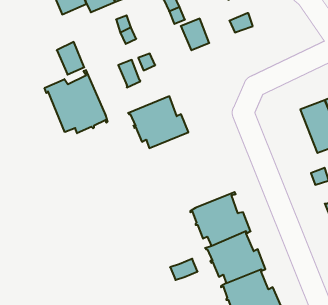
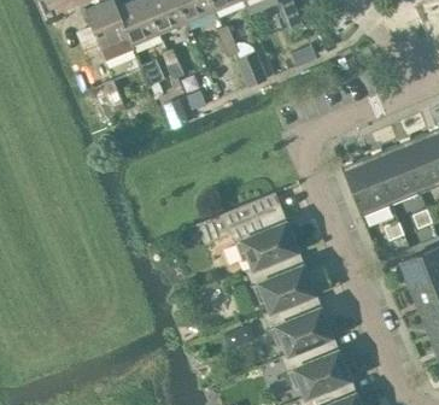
building: [45,70,107,133] -> none
building: [128,96,188,148] -> [227,209,295,268]
building: none -> [340,155,390,217]

